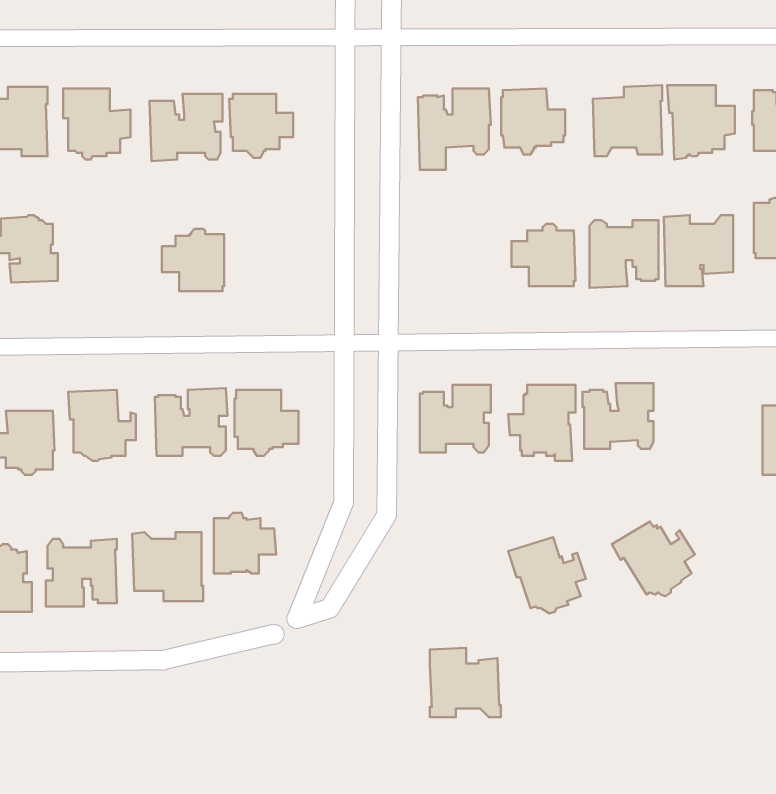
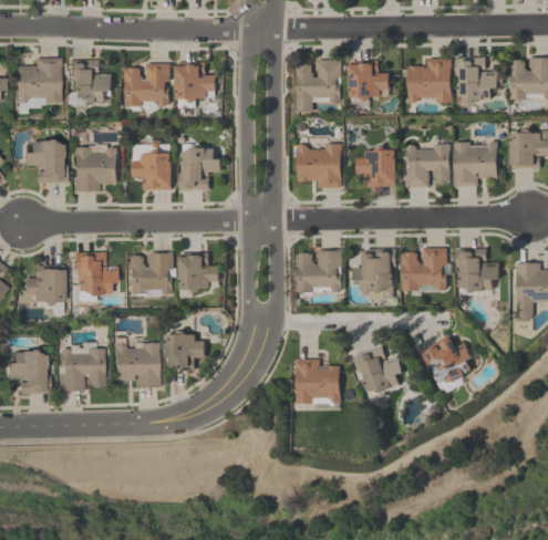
building: none -> [297,143,341,188]
building: none -> [72,146,116,193]
building: none -> [178,147,220,190]
building: none -> [456,249,499,293]
building: [430,648,501,717] -> [296,359,341,403]

